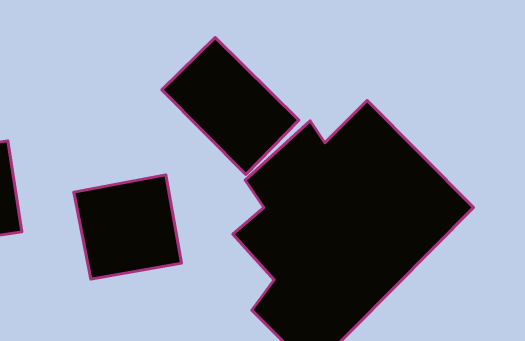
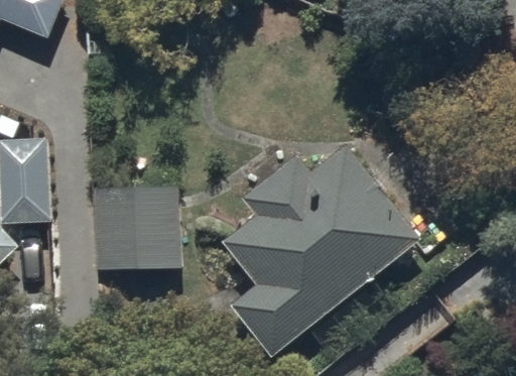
building: [162,37,299,175] -> none

